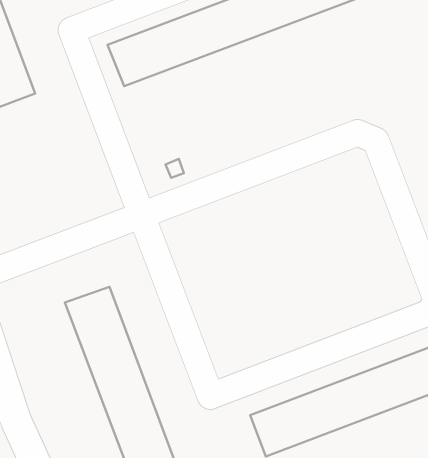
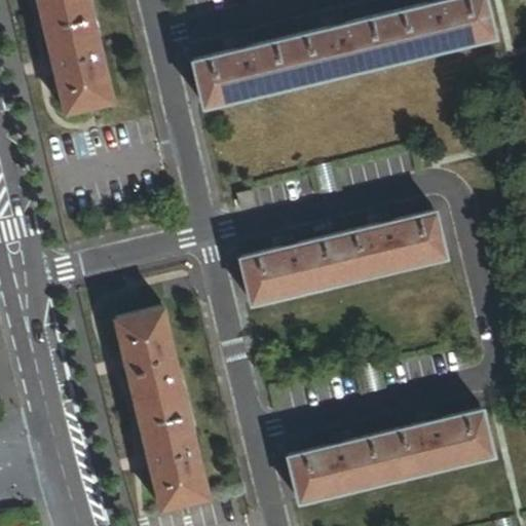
building: none -> [239,214,444,304]

